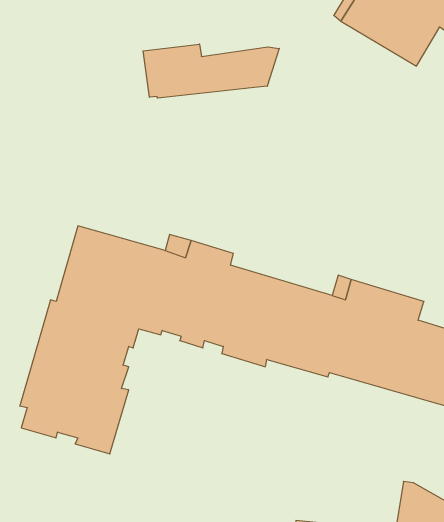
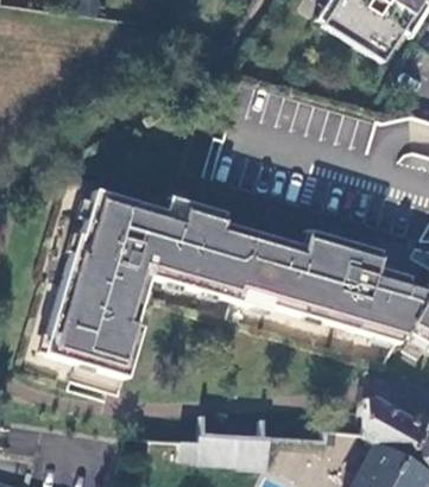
building: [143,44,279,98] -> none

